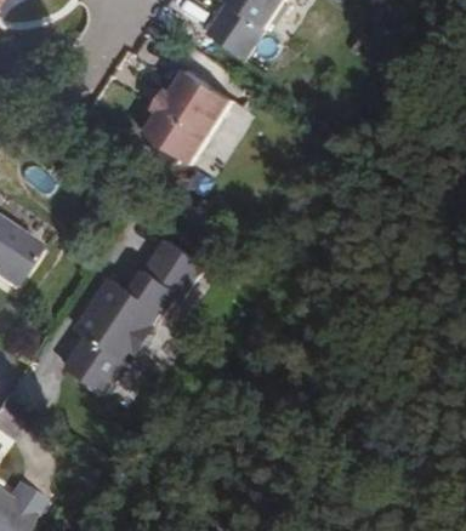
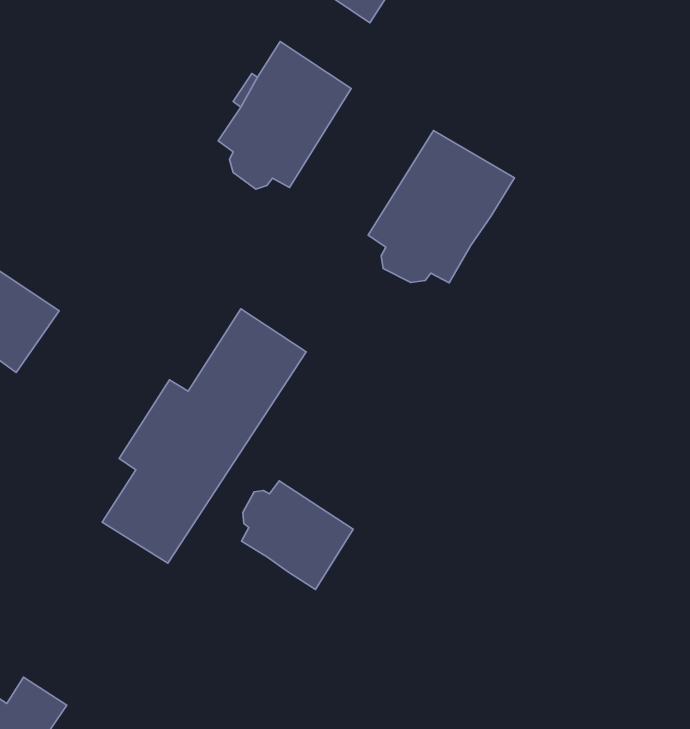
building: none -> [368,130,514,283]
building: none -> [241,481,353,590]

